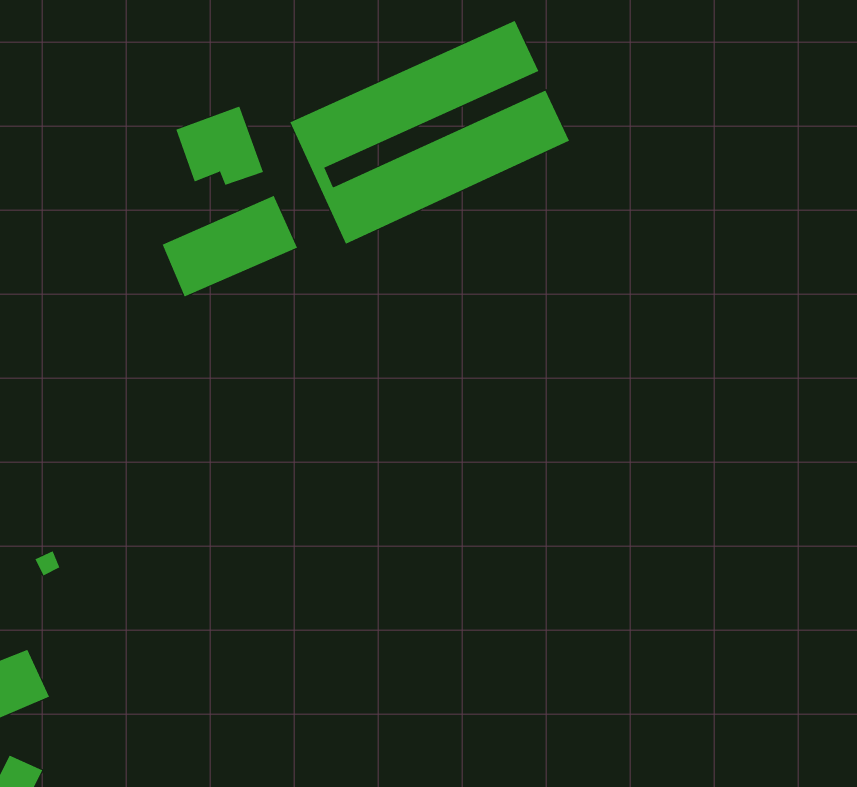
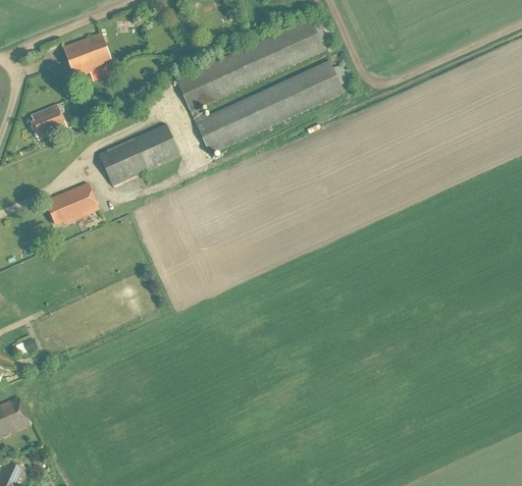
building: [175,106,264,186] -> [62,32,115,79]
building: none -> [31,103,66,139]
building: none -> [45,182,98,223]

